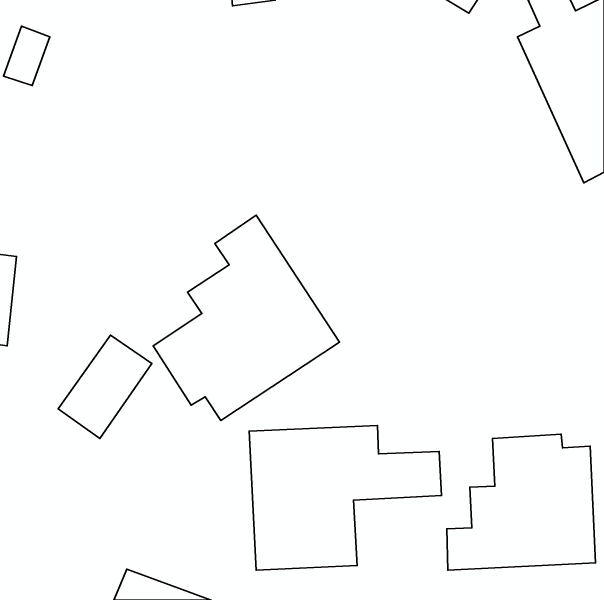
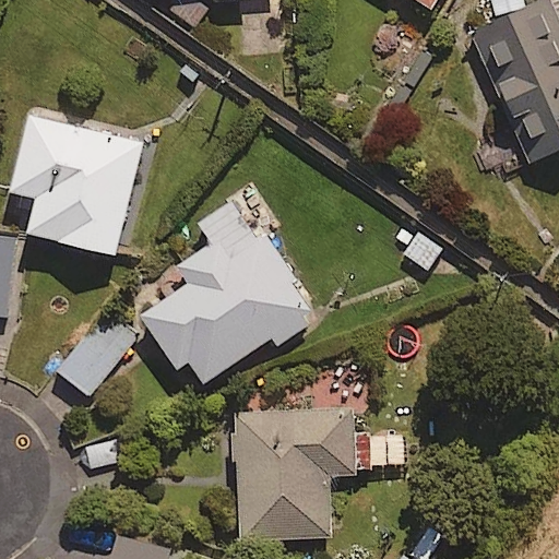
building: none -> [11,115,144,262]
building: [447,434,596,570] -> none

